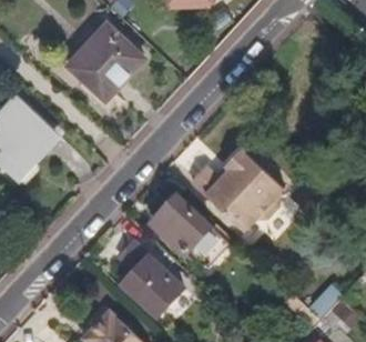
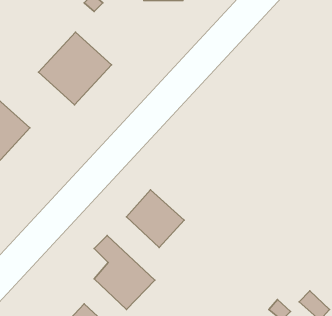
building: [192,150,284,230] -> none

